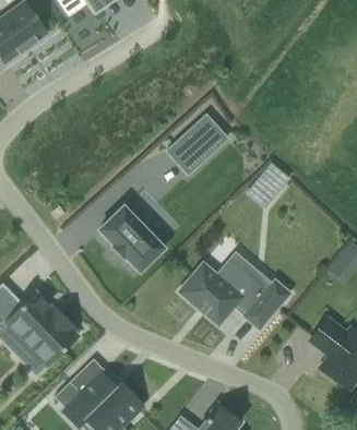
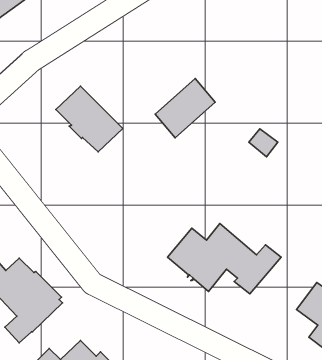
building: [97,208,163,273] -> [56,86,123,152]

